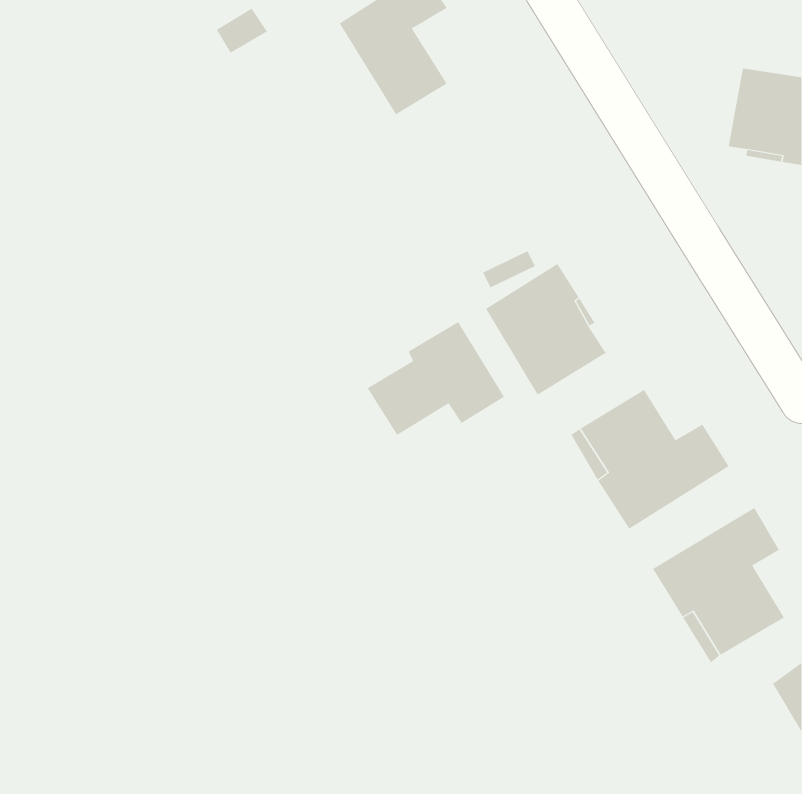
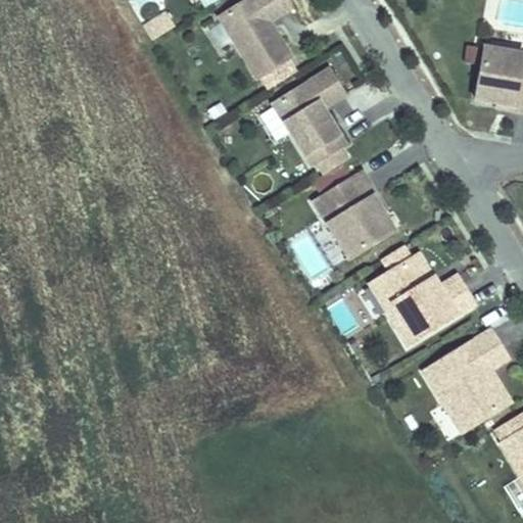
building: none -> [273,66,343,161]
building: [367,321,505,436] -> none

